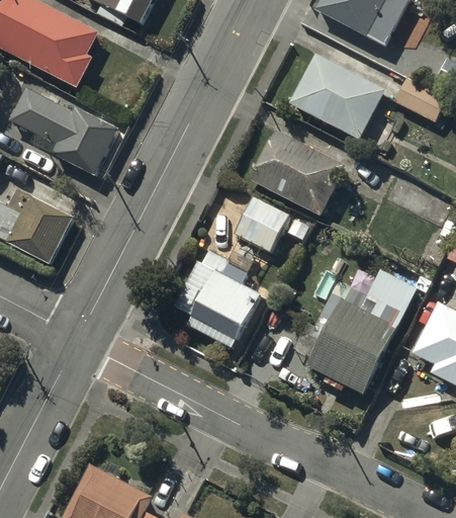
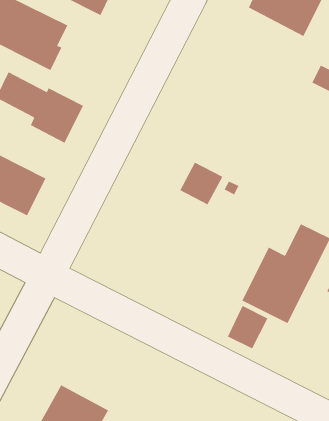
building: [289,54,384,139] -> none
building: [252,132,345,217] -> none
building: [173,249,257,346] -> none
building: none -> [227,305,268,350]

